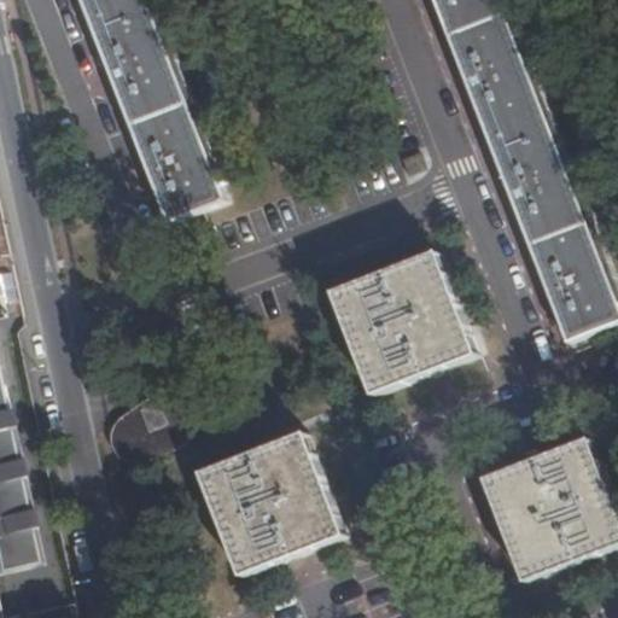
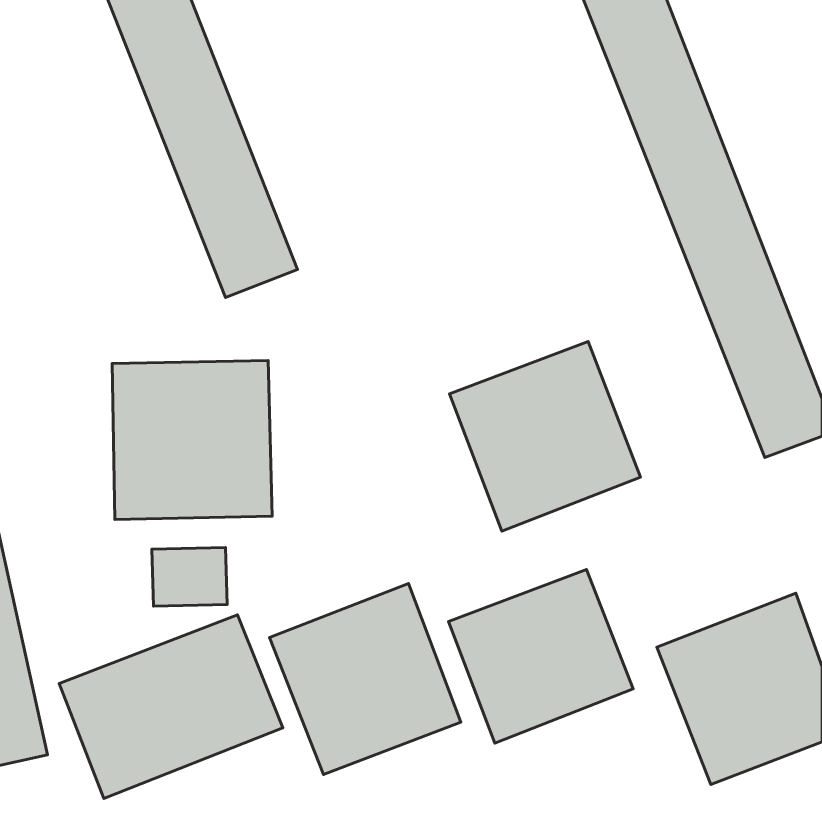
building: none -> [112,361,272,520]
building: none -> [449,570,633,743]
building: none -> [59,615,283,799]

